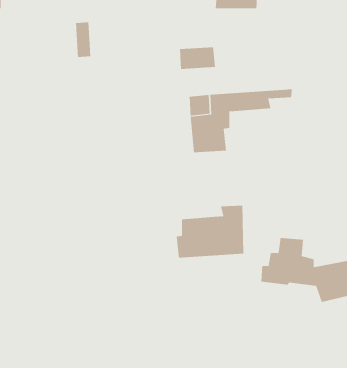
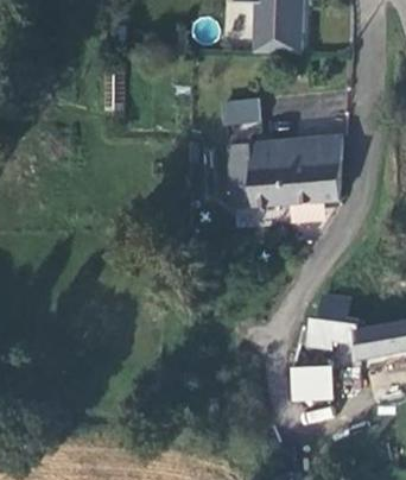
building: [176,205,244,258] -> [264,147,338,206]
building: none -> [296,365,337,399]

